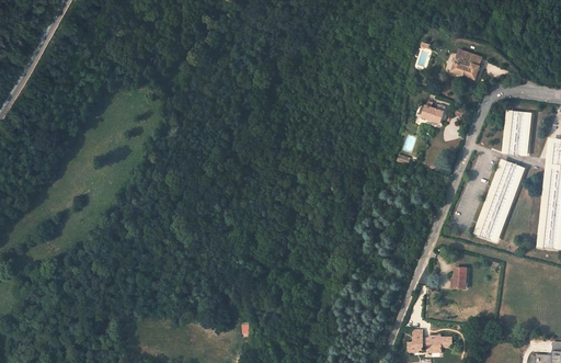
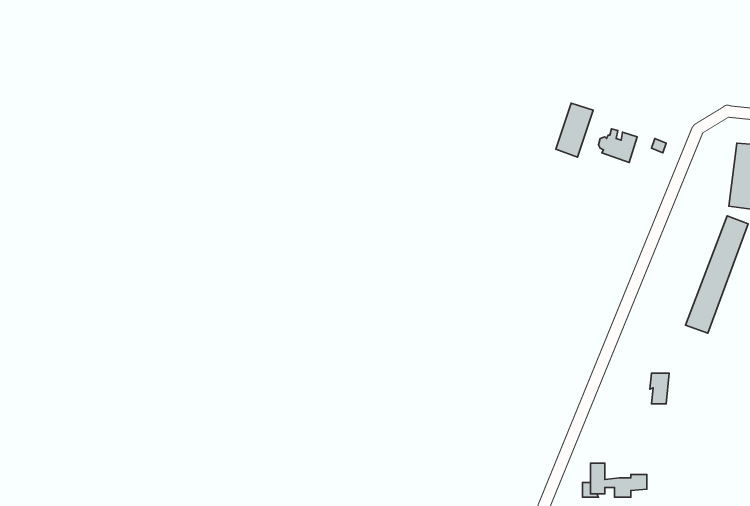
building: [450,49,481,79] -> none
building: none -> [556,103,593,157]

